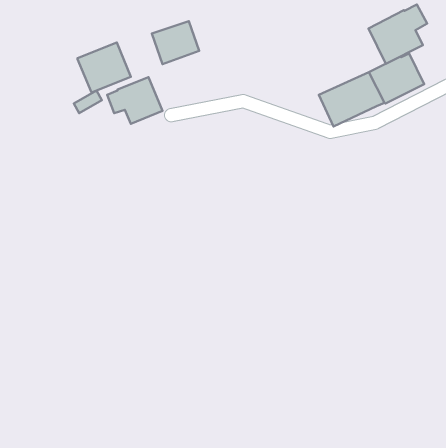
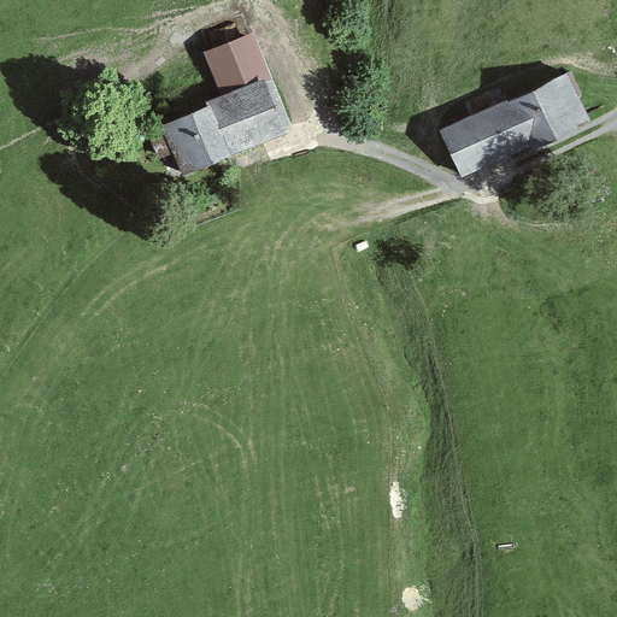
building: [368,5,427,64] -> none
building: [77,42,131,93] -> [207,84,281,153]

